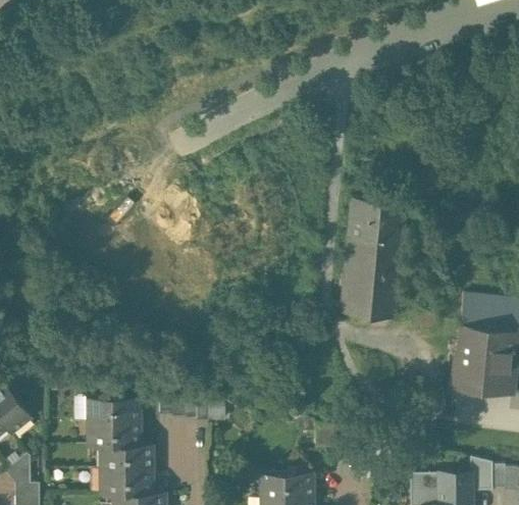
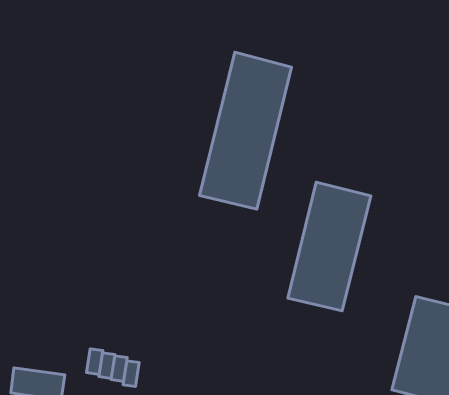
building: none -> [200,52,291,209]
building: [88,398,138,423] -> none

